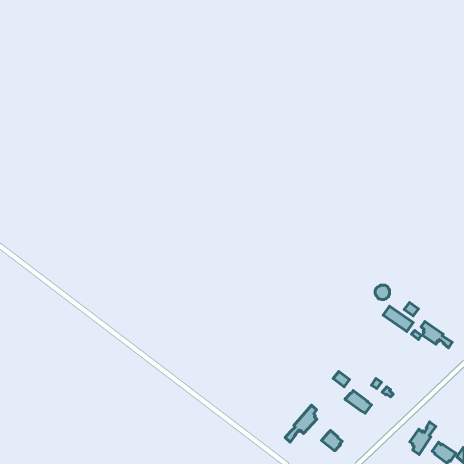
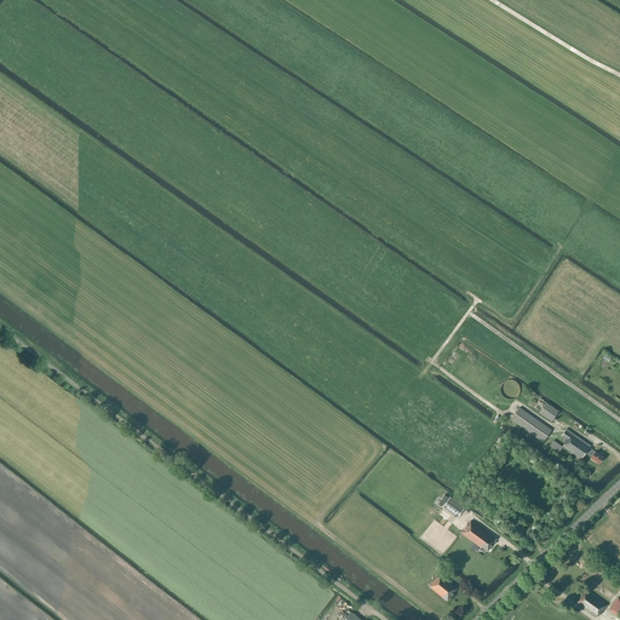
building: [285,405,317,442] -> none
building: [410,422,436,454] -> none

